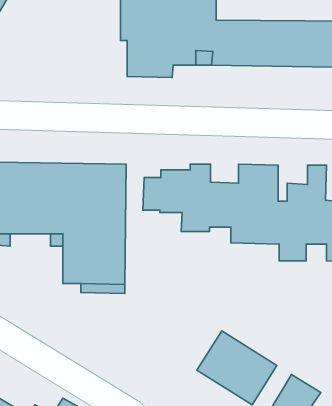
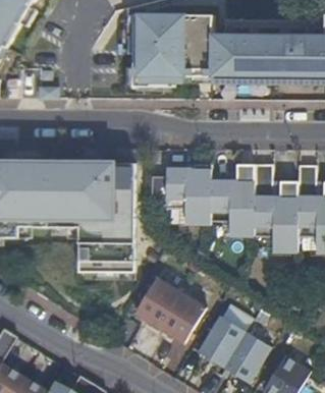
building: none -> [134,276,205,341]

